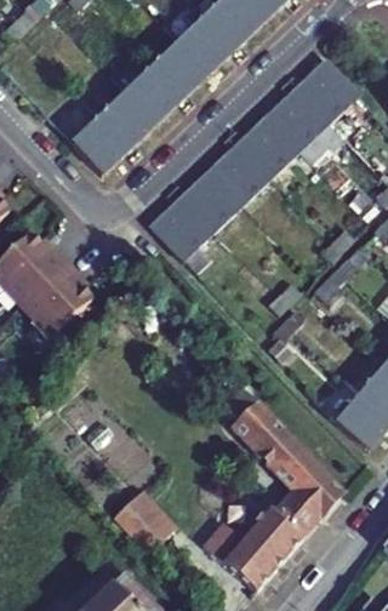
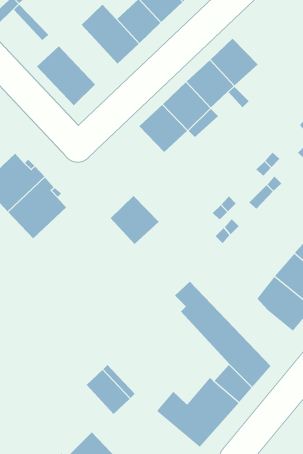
building: [296,62,358,124] -> none
building: [84,84,155,148] -> none
building: [152,199,212,259] -> [110,195,159,245]

